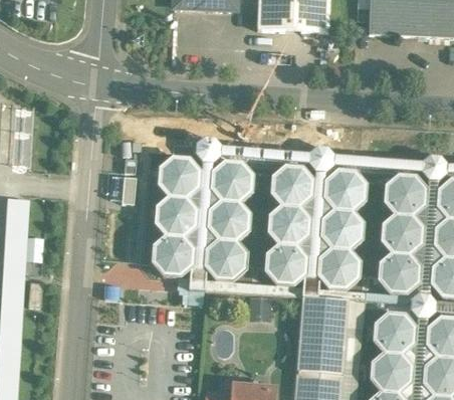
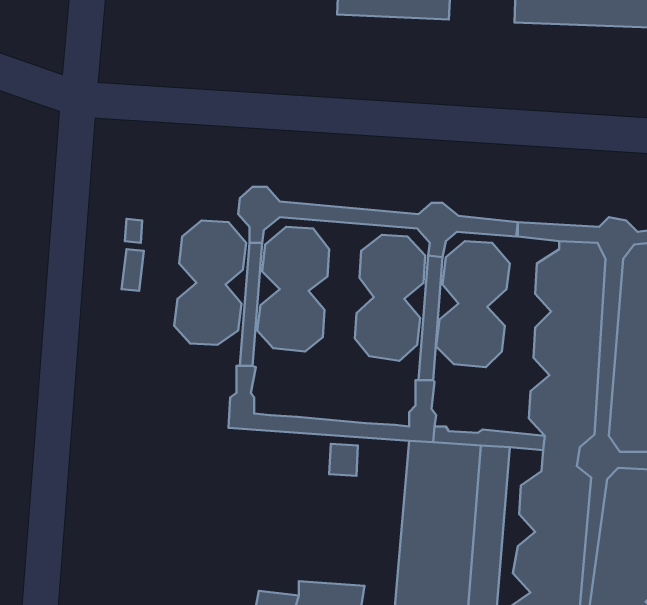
building: [151,234,194,277] -> none
building: [203,239,247,280] -> none
building: [264,242,306,285] -> none
building: [316,248,361,290] -> none

